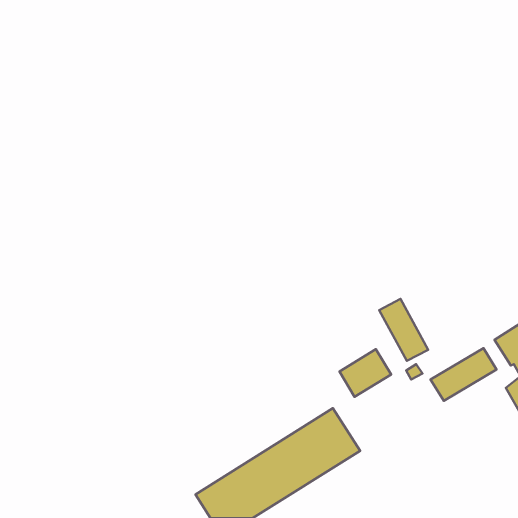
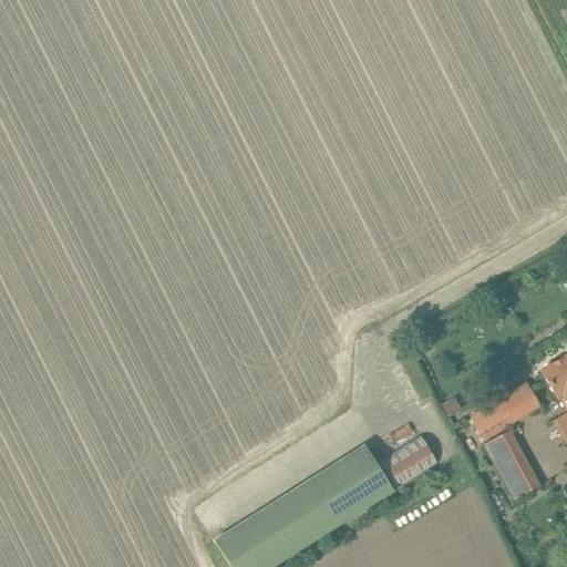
building: [379,299,428,361] -> [487,427,540,495]
building: [339,349,391,397] -> [381,434,437,486]

